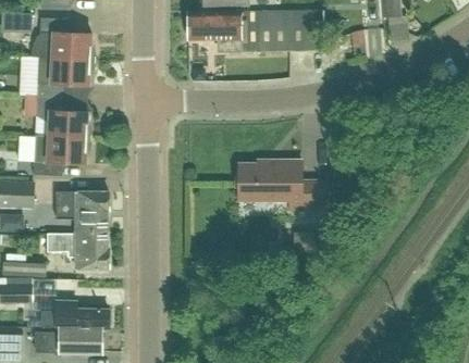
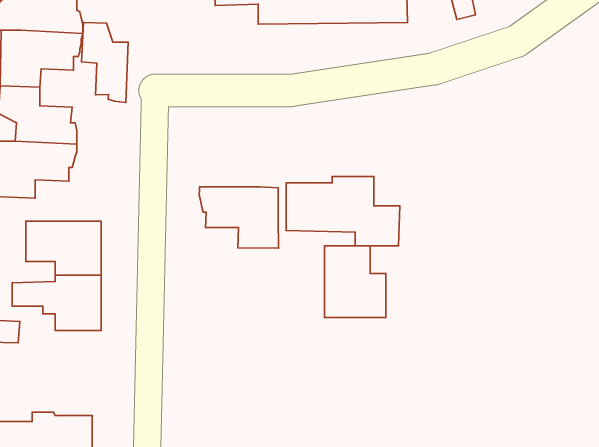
building: none -> [81,23,128,102]
building: none -> [199,187,278,248]
building: none -> [324,246,386,317]
building: [40,301,107,328] -> none

